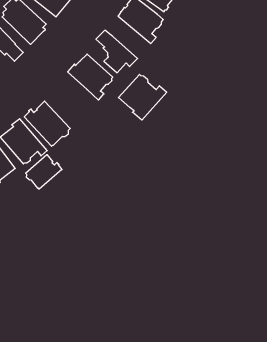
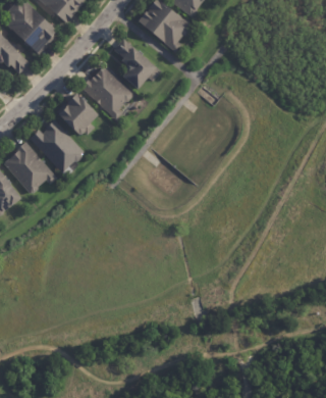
building: [118,74,167,120] -> none
building: none -> [57,92,97,134]
building: [26,155,62,189] -> none

